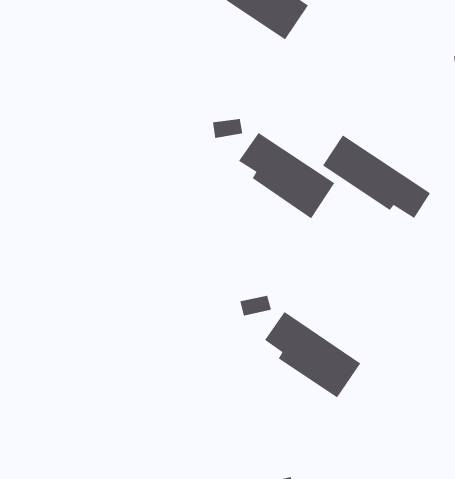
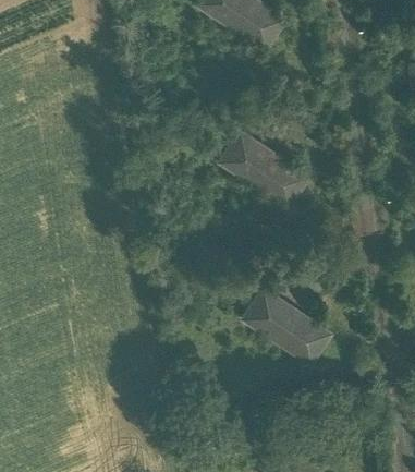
building: [322,135,431,219] -> none

